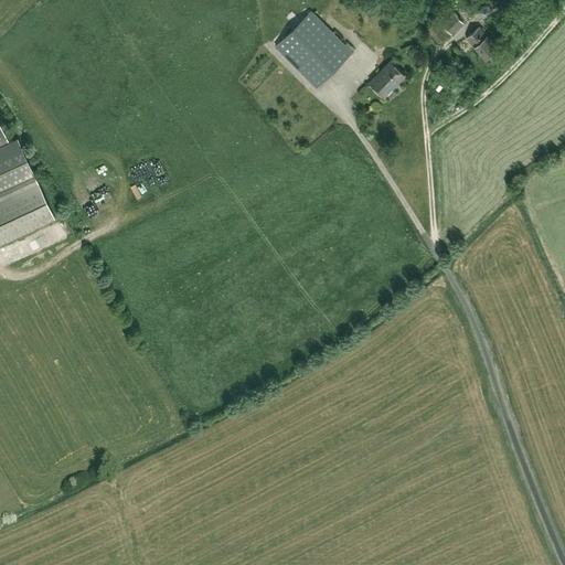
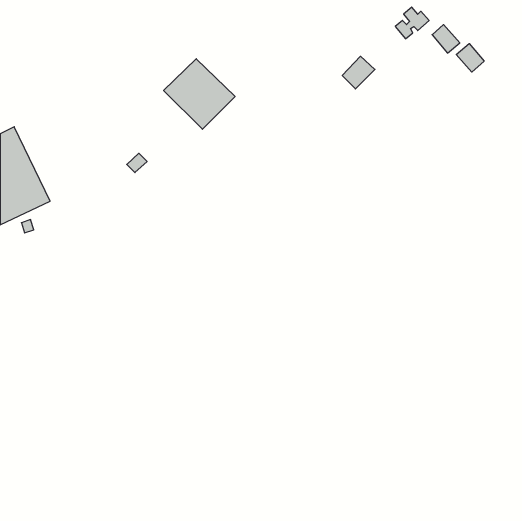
building: [275,12,352,88] -> [164,59,235,129]
building: none -> [456,44,484,72]

